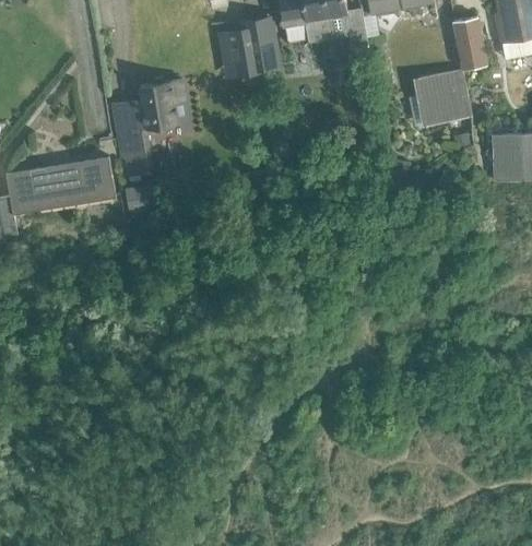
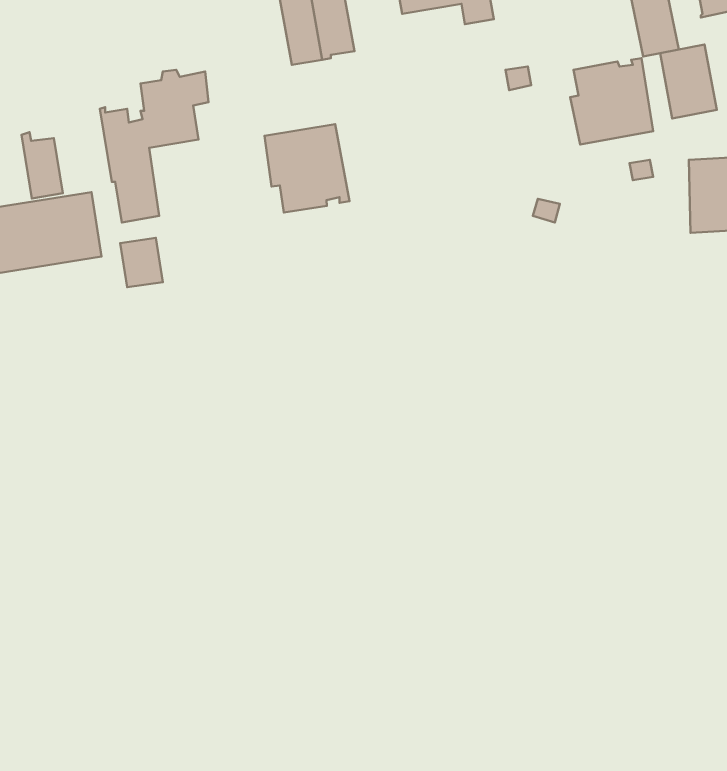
building: none -> [660,45,717,118]
building: none -> [264,124,349,213]
building: none -> [21,132,63,198]

